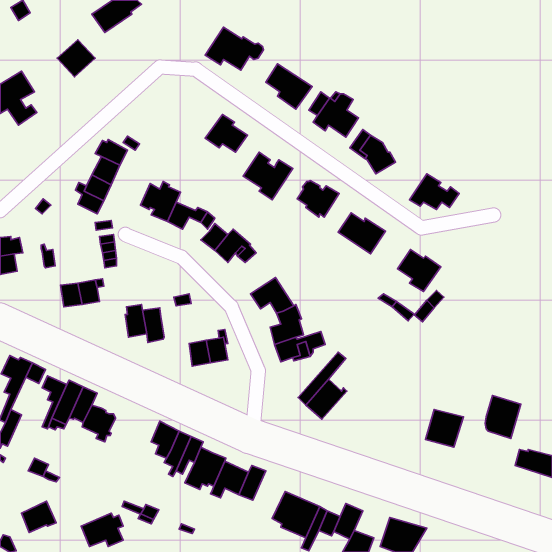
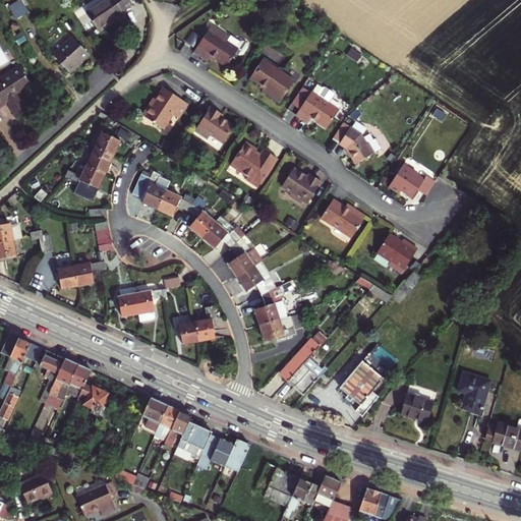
building: none -> [141,88,187,129]
building: none -> [227,238,259,277]
building: none -> [339,359,383,415]

